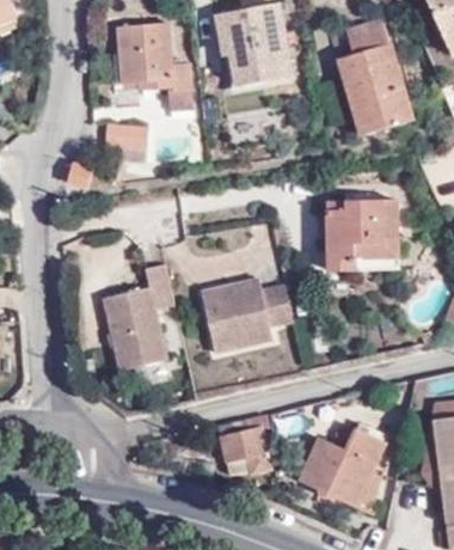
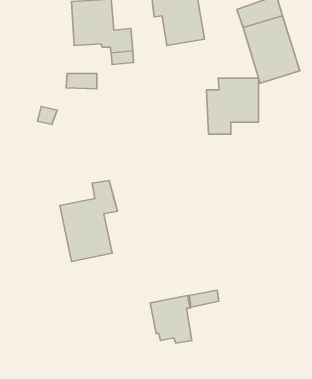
building: [324,198,393,273] -> [207,78,259,134]
building: [196,276,289,354] -> none
building: [297,423,388,514] -> none

